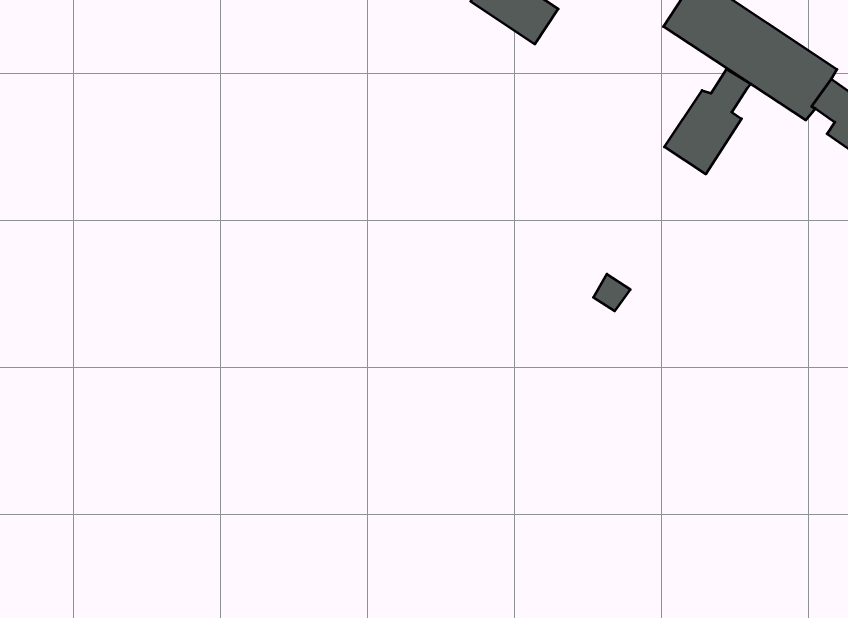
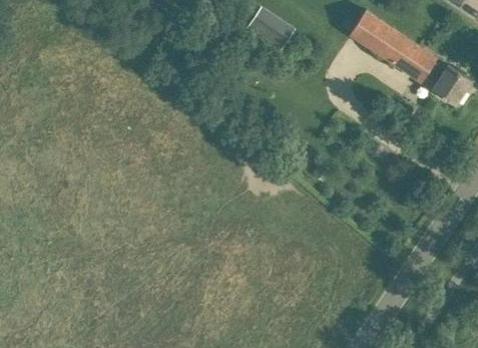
building: [664,69,751,174] -> none

